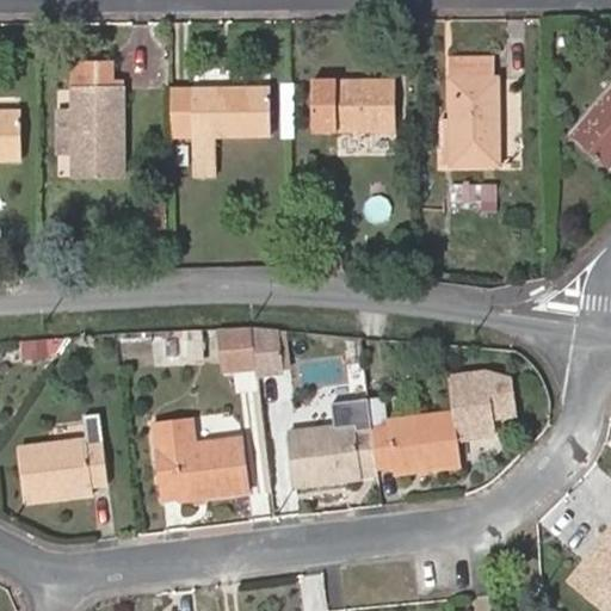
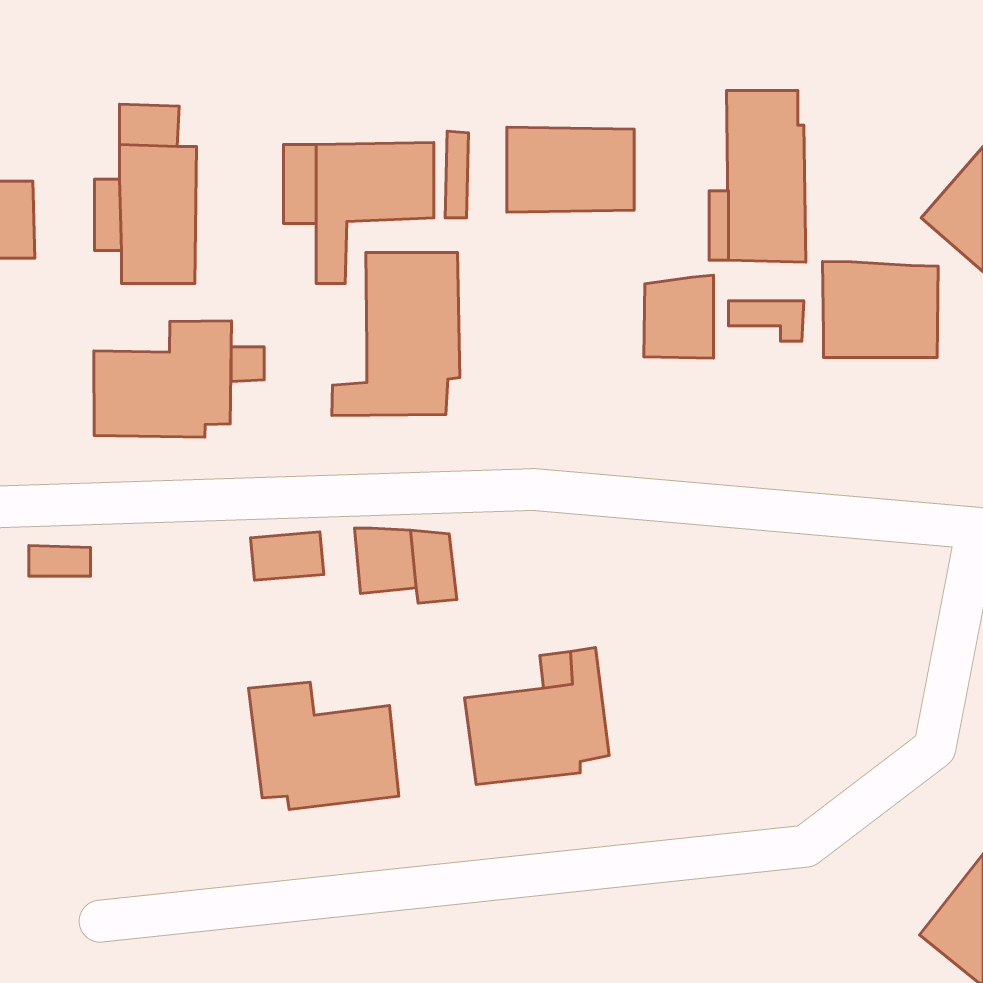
building: none -> [332,252,460,416]
building: none -> [823,261,938,358]
building: none -> [644,275,713,358]
building: none -> [94,321,232,437]
building: [369,371,514,474] -> none
building: [19,415,107,501] -> none

